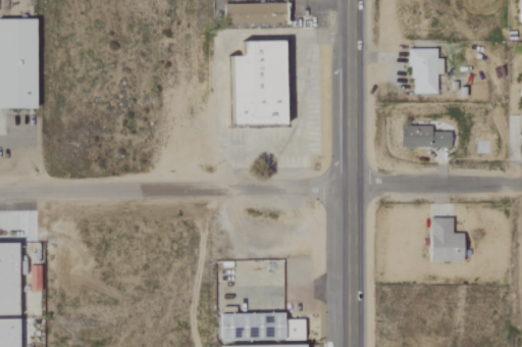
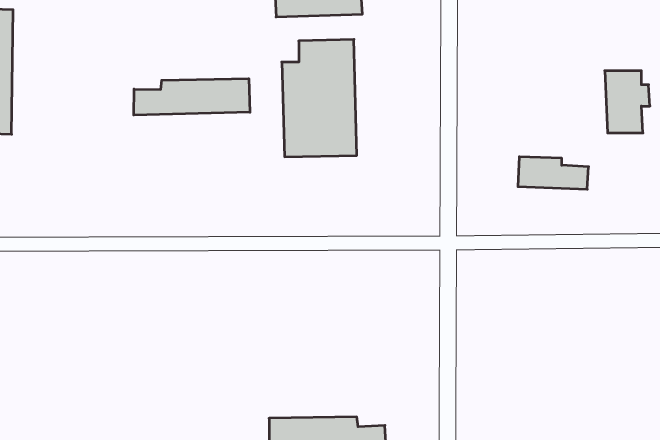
building: [413,48,446,93] -> [605,71,650,133]
building: none -> [134,79,250,115]
building: [432,217,465,261] -> none

